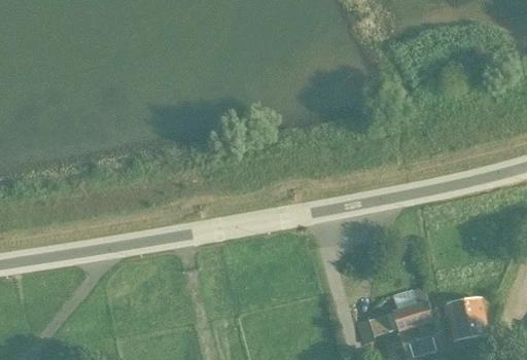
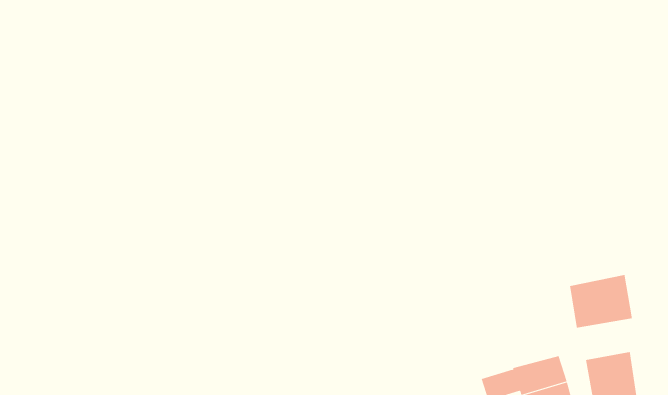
building: none -> [569,274,633,329]

